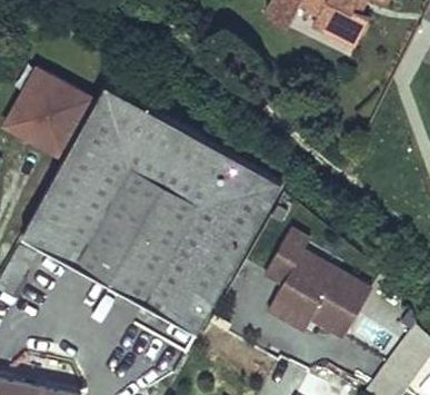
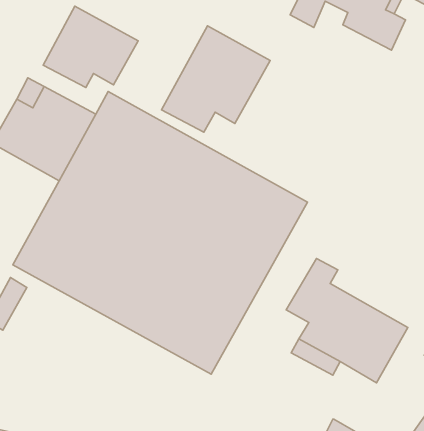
building: none -> [43,6,138,87]
building: none -> [161,26,270,132]

